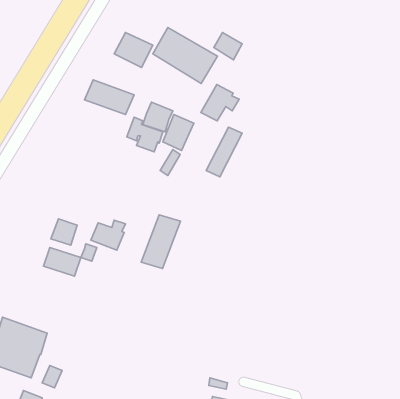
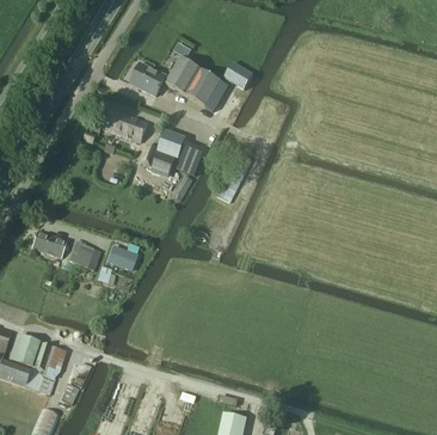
building: [201,85,239,121] -> none
building: [141,215,181,269] -> none
building: [43,248,81,276] -> [31,229,67,257]

